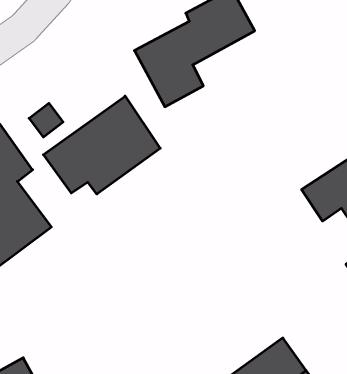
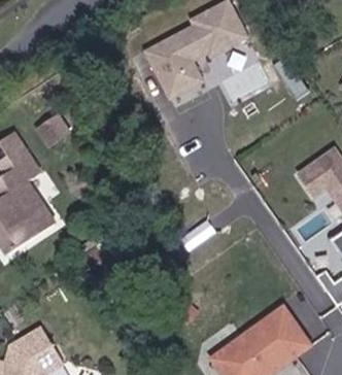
building: [43,96,160,194] -> none

